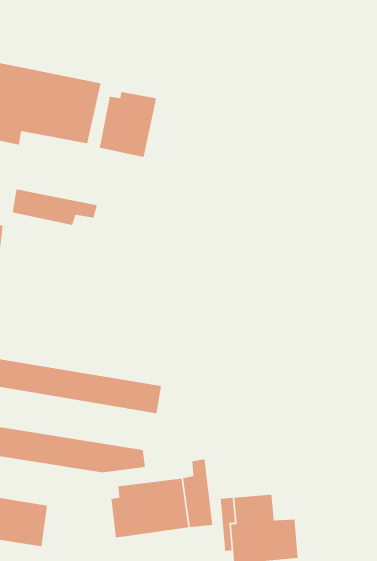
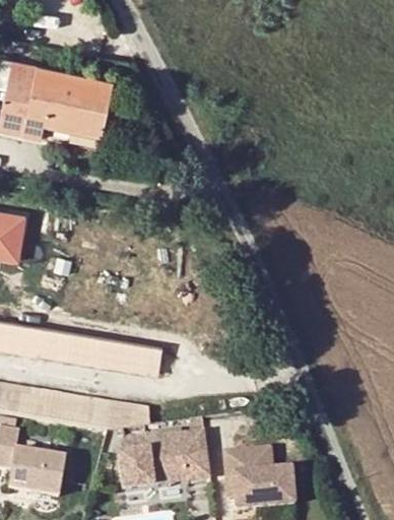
building: [99,91,157,158] -> none
building: [12,189,98,226] -> none

